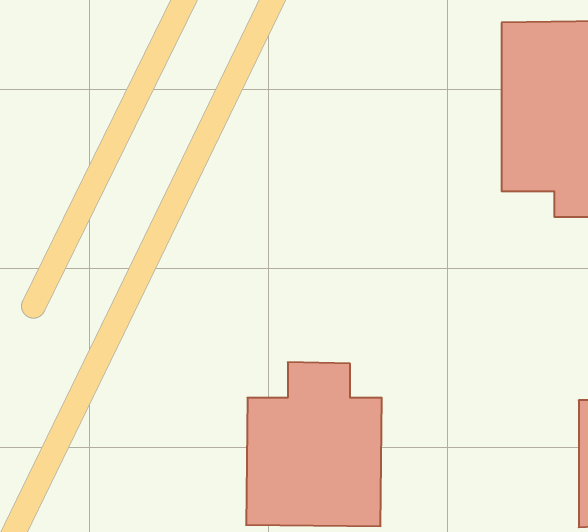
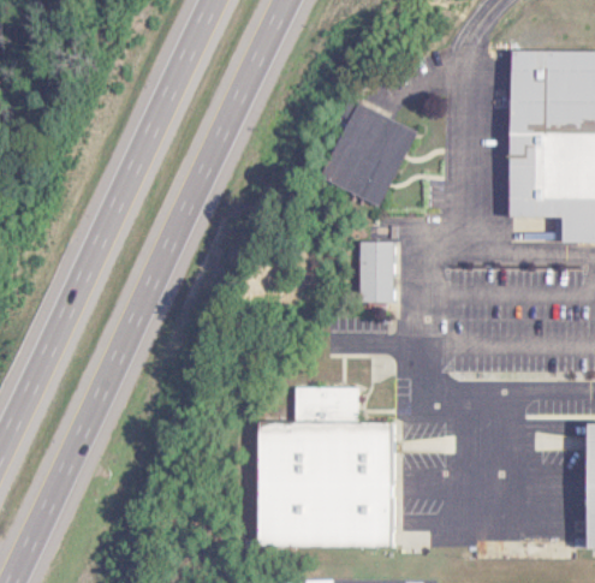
building: none -> [322,103,417,207]
building: none -> [362,242,394,303]

